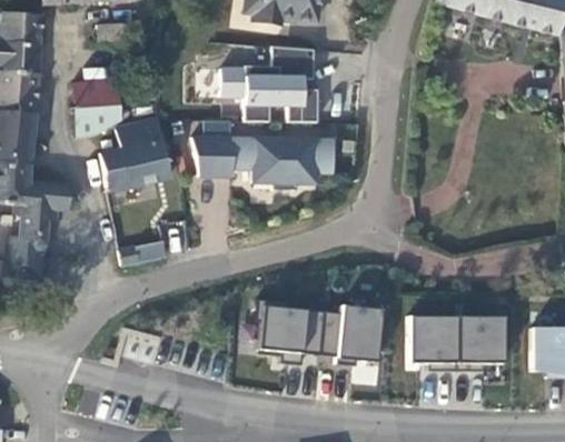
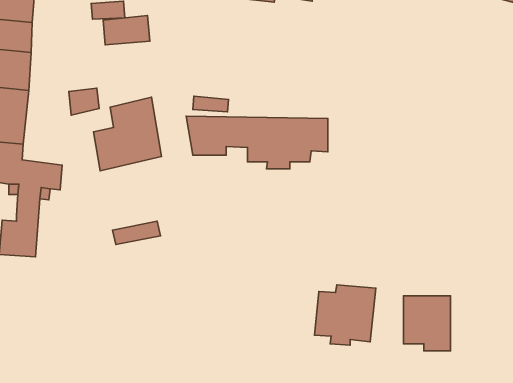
building: [221,46,317,121] -> none
building: [73,79,120,108] -> [103,16,150,45]
building: [256,298,325,364] -> none
building: [456,315,503,370] -> none

